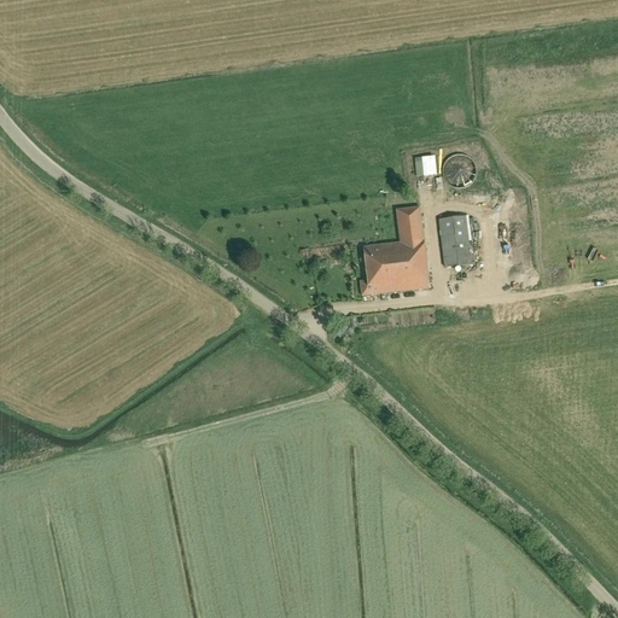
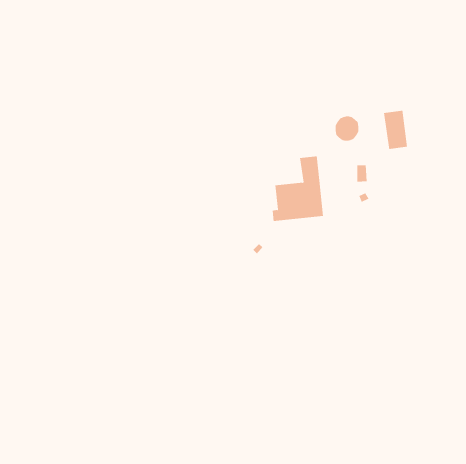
building: [438,214,471,266] -> [383,110,408,149]

